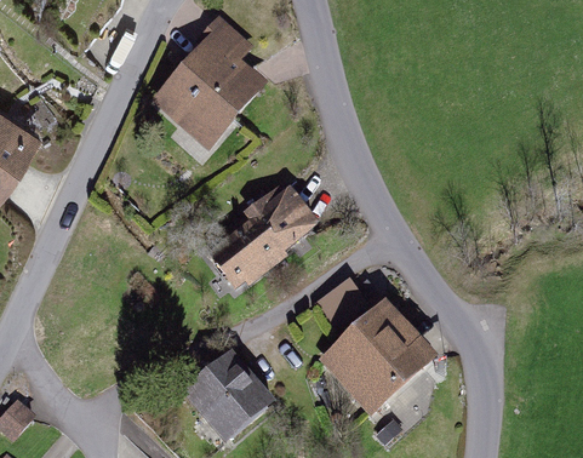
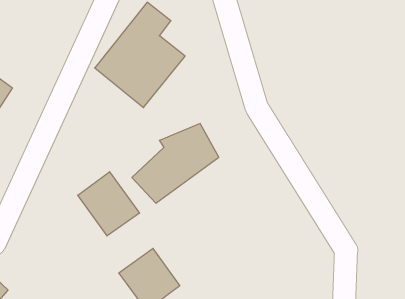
building: none -> [78,172,140,236]
building: [314,277,430,414] -> none

